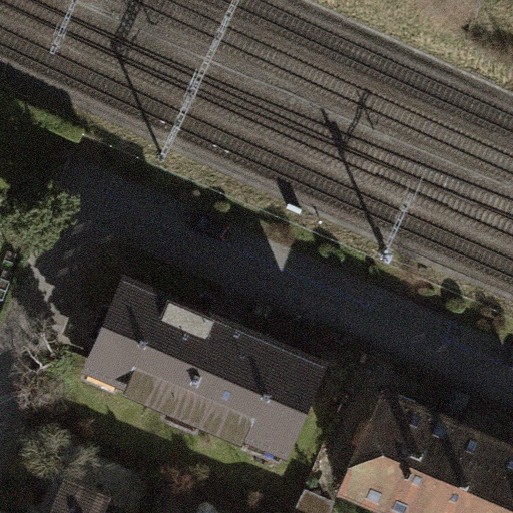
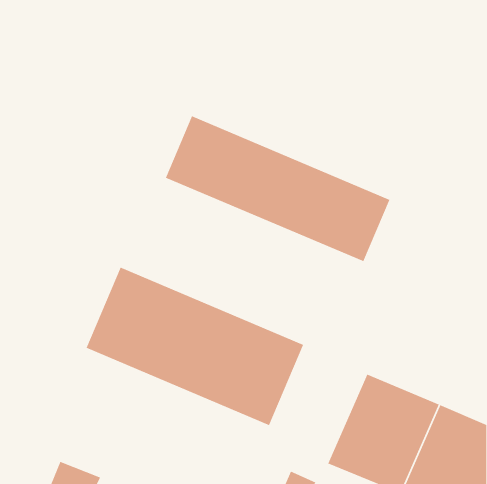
building: none -> [165,115,390,262]

